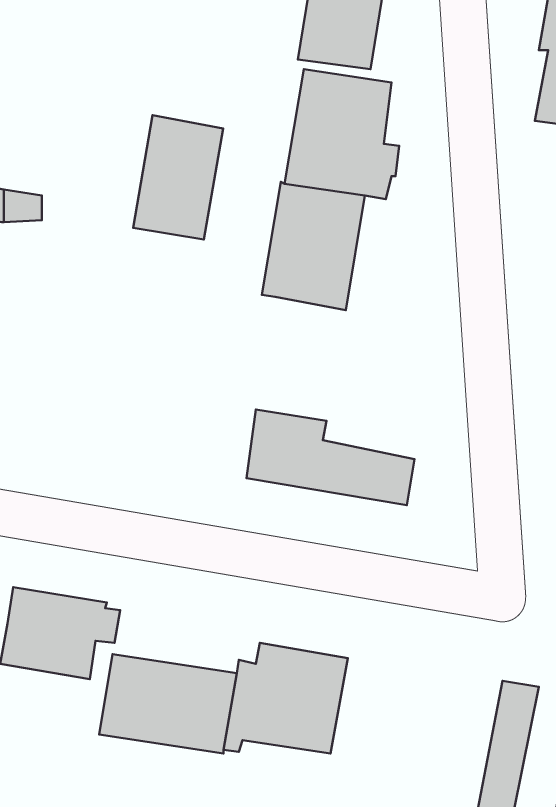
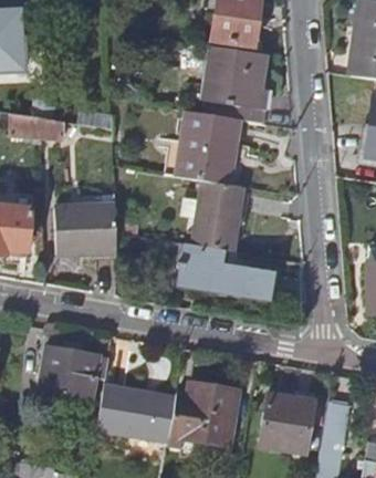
building: [133,115,223,239] -> [186,178,238,250]
building: none -> [55,206,118,251]
building: none -> [257,389,315,450]

